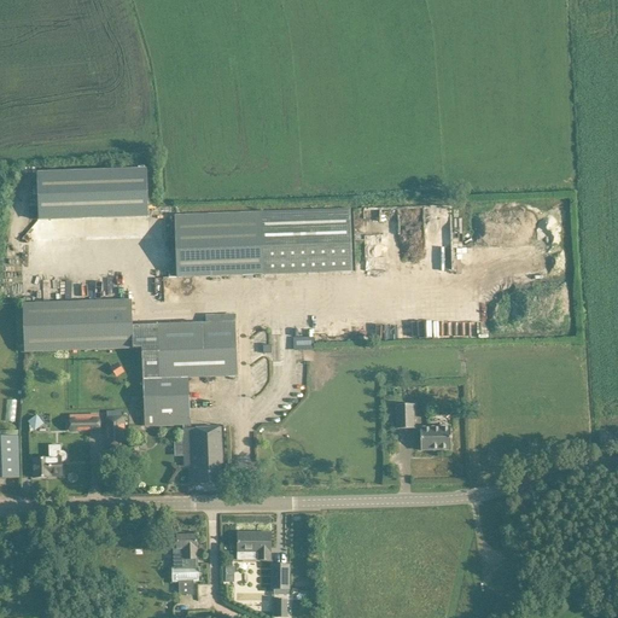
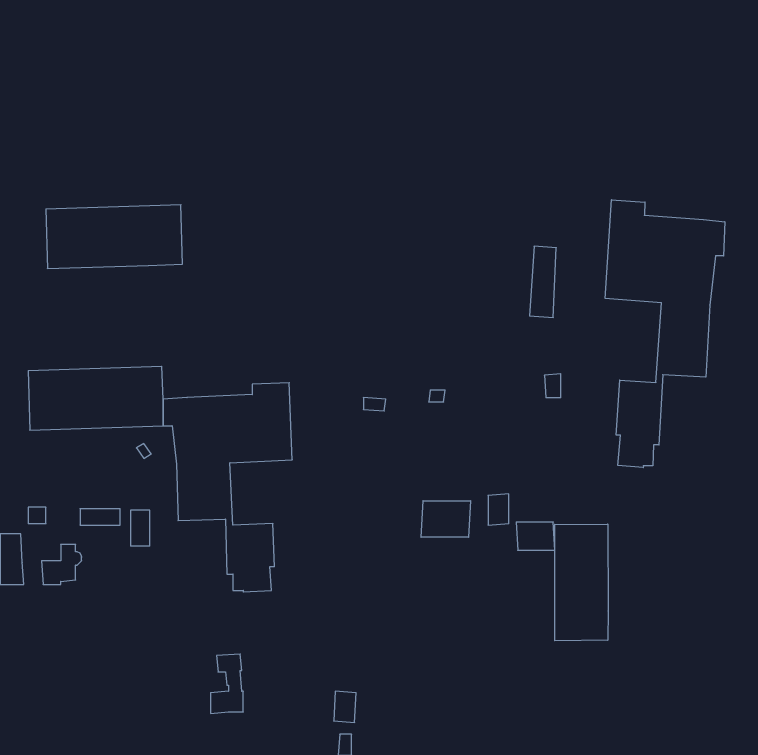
building: none -> [605,200,725,468]
building: [169,208,352,276] -> none
building: none -> [421,501,471,537]
building: none -> [555,524,608,641]
building: [238,531,270,558] -> none

